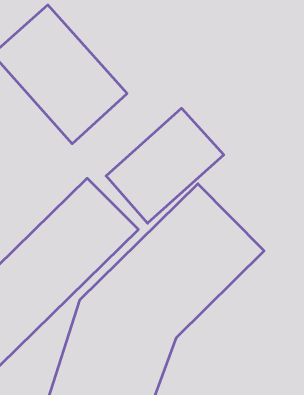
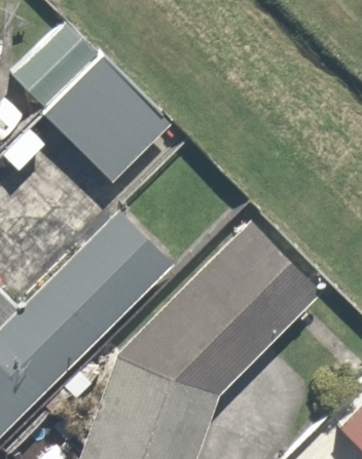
building: [106,108,224,223] -> none

